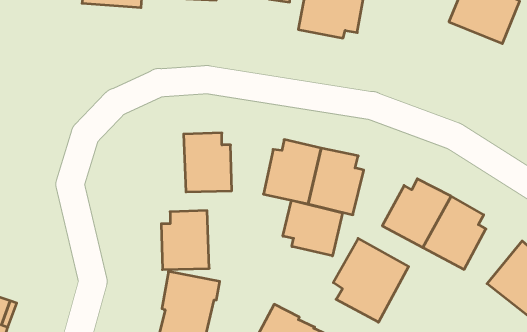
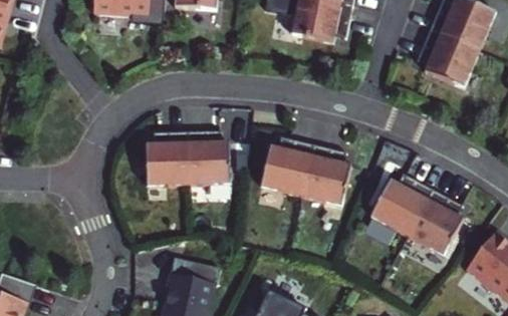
building: none -> [416,30,479,90]
building: [283,200,342,256] -> none
building: [161,211,209,270] -> [144,133,188,188]
building: [333,238,409,322] -> none

